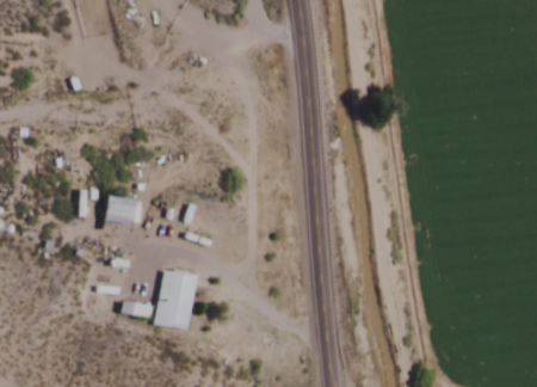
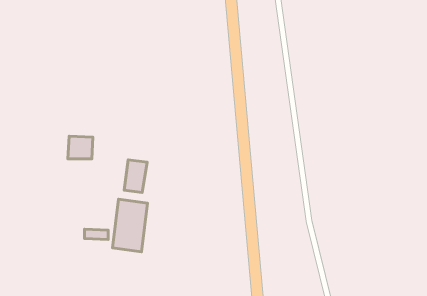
building: none -> [124,160,147,192]

